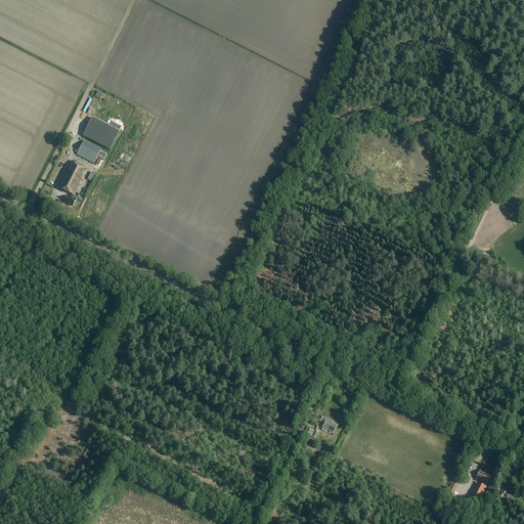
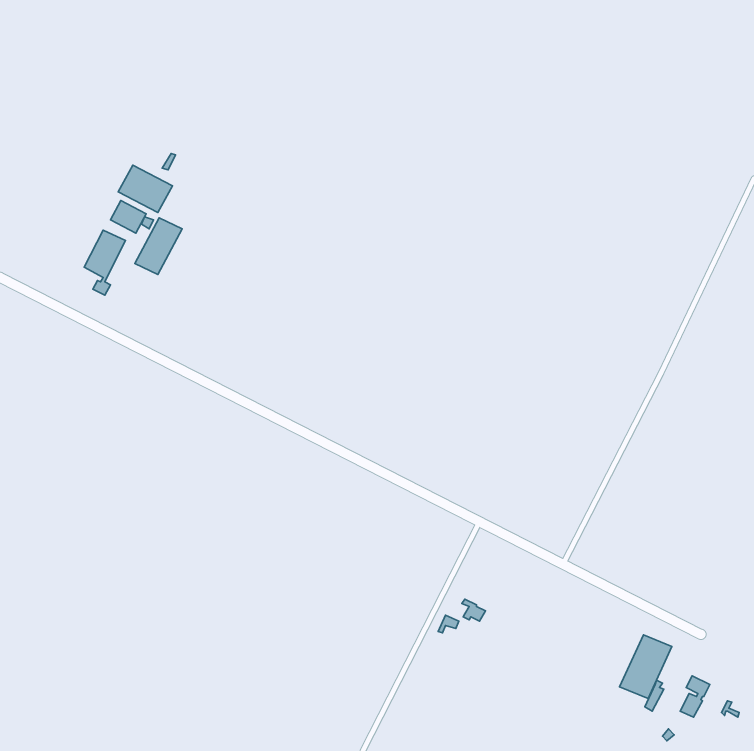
building: none -> [135,218,182,274]
building: none -> [620,635,672,699]

